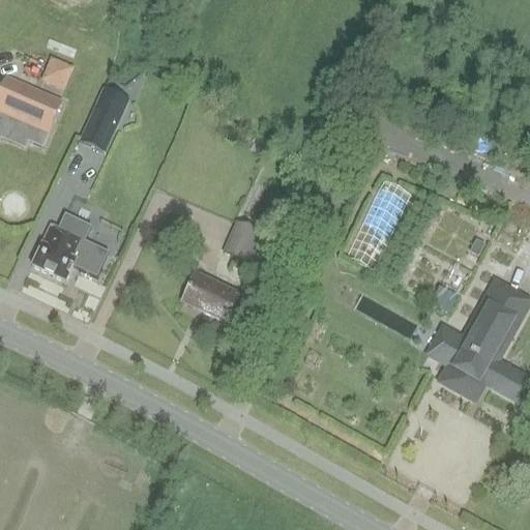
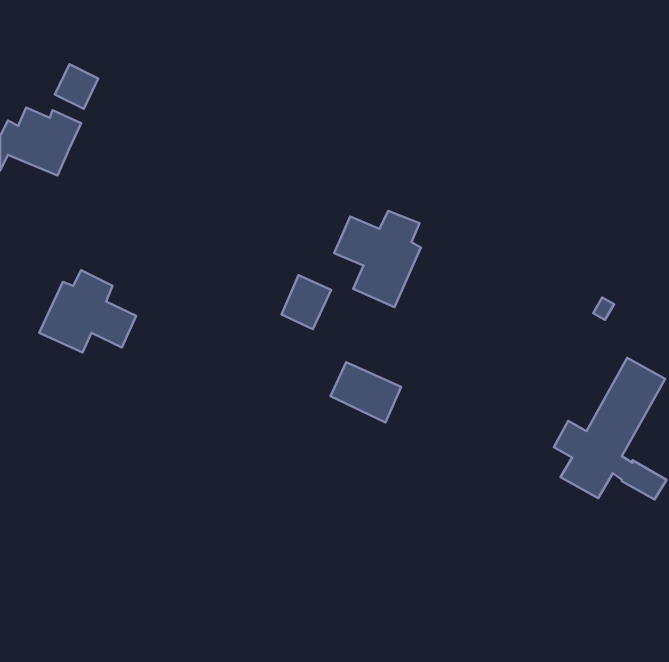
building: [80,85,129,149] -> none
building: none -> [334,211,421,307]
building: [182,271,238,319] -> [330,362,401,422]

